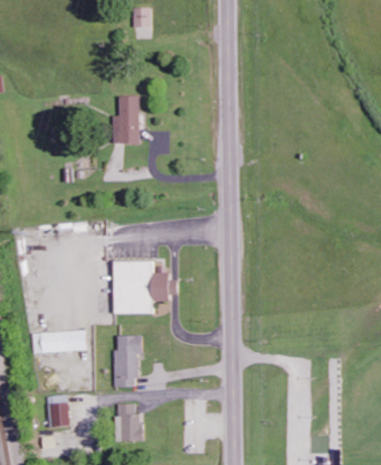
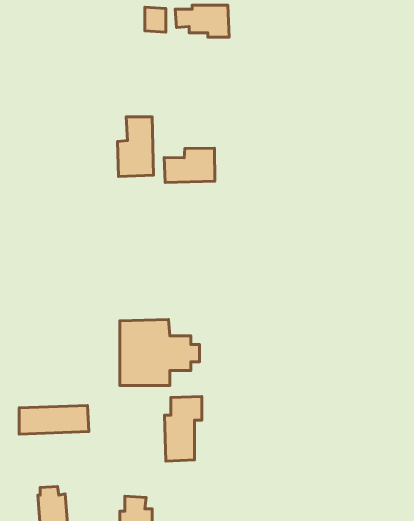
building: none -> [175,5,229,37]
building: none -> [164,148,215,182]
building: [113,335,143,387] -> [164,396,202,461]

